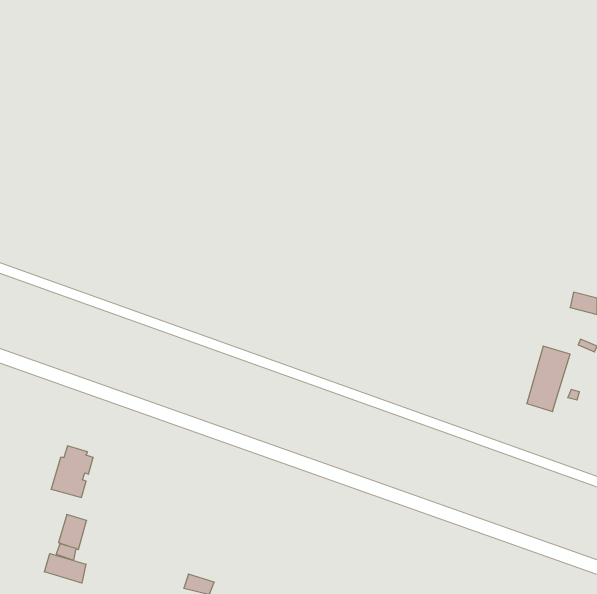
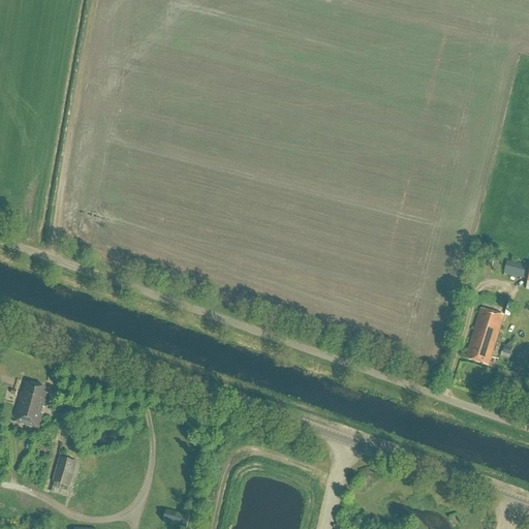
building: [51,446,93,497] -> [11,380,49,426]
building: [44,554,86,583] -> none

